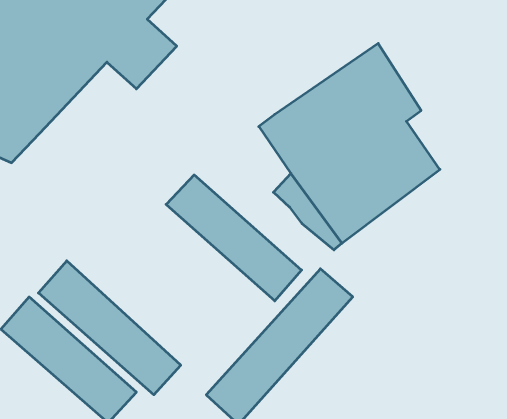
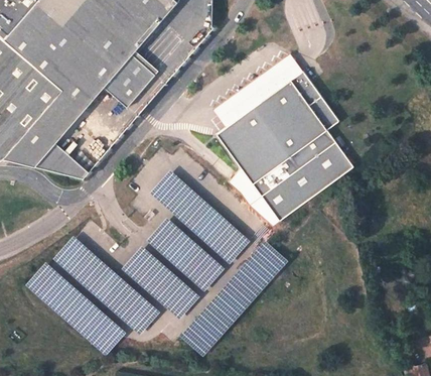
building: none -> [217,54,305,124]
building: none -> [30,138,83,180]
building: none -> [142,216,223,291]
building: none -> [118,245,198,320]

